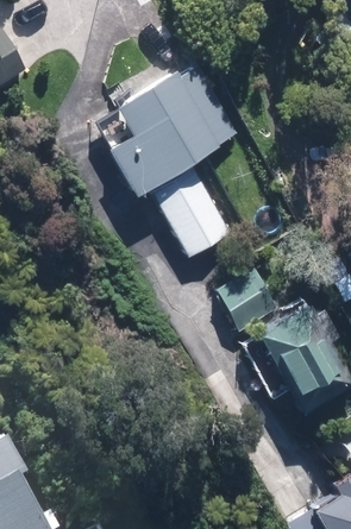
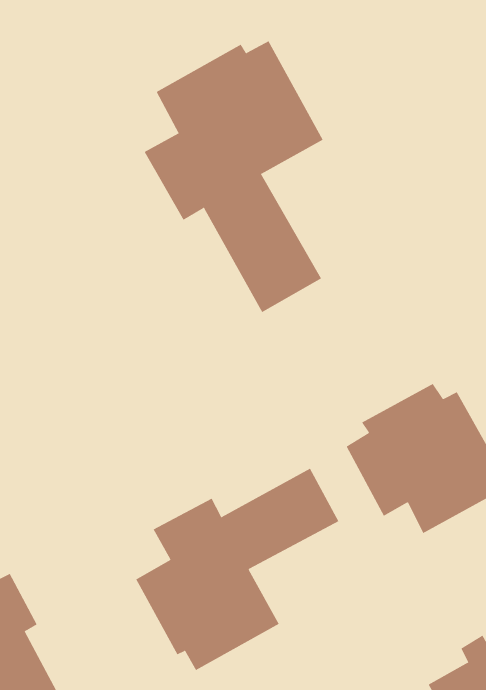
building: [215,266,277,329] -> none
building: none -> [135,468,339,671]

